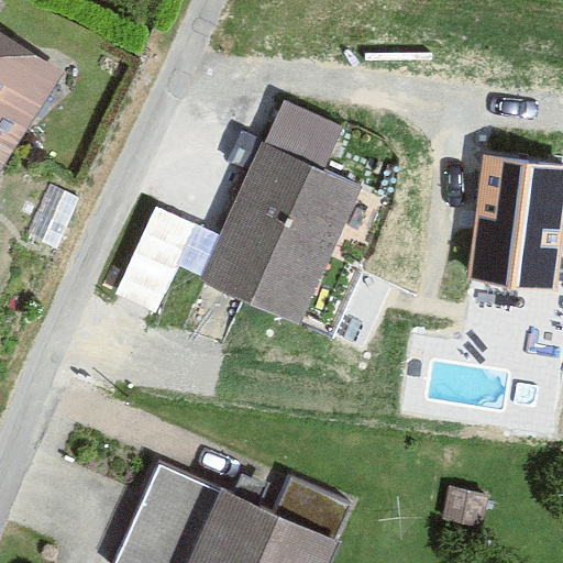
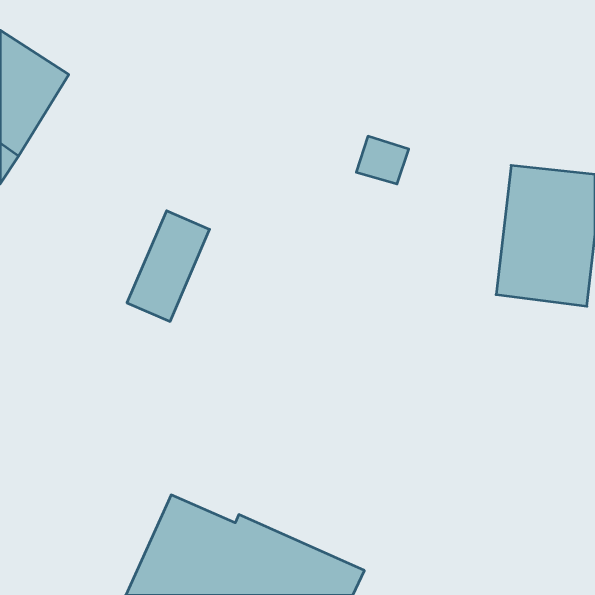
building: [196,101,361,325] -> none

